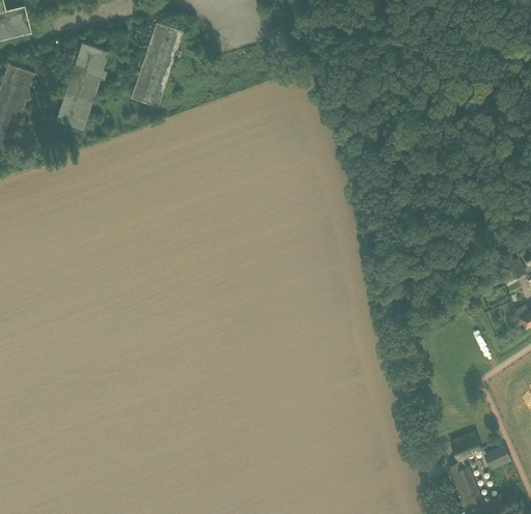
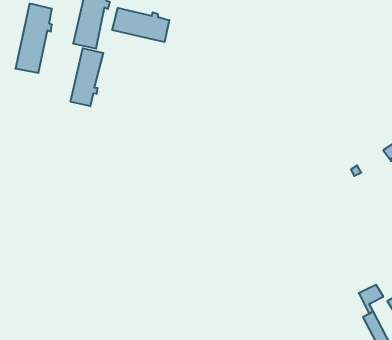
building: none -> [112,8,169,42]
building: none -> [71,48,103,106]

